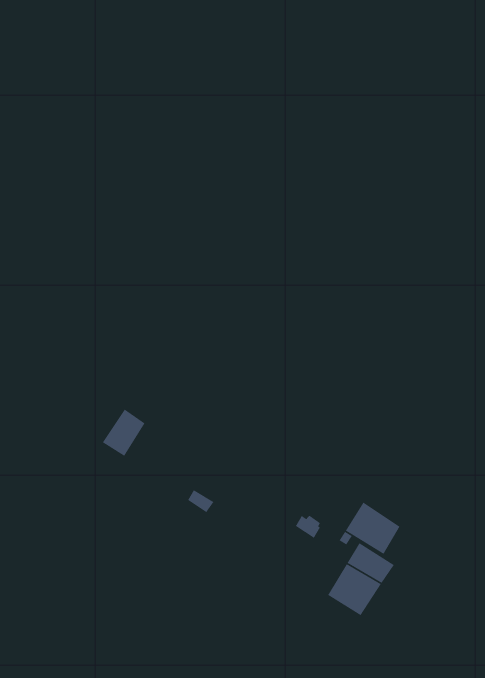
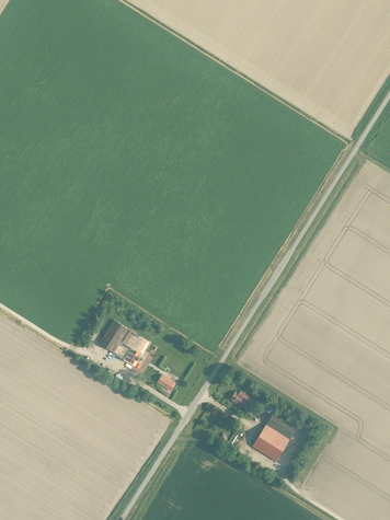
building: none -> [114,331,149,367]
building: [345,502,401,555] -> none

